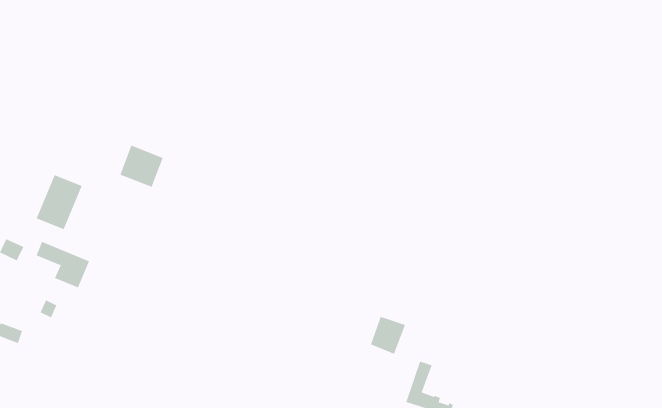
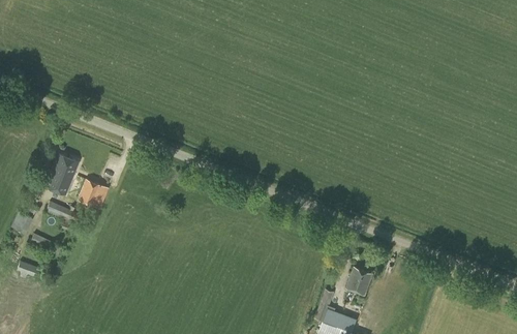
building: [120,145,164,188] -> [77,177,109,208]
building: [370,316,406,355] -> [347,266,373,294]

